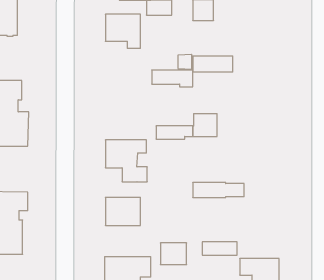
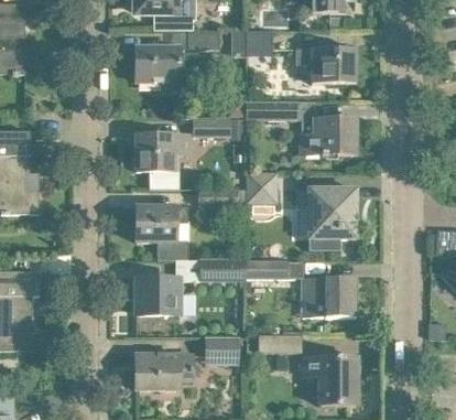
building: none -> [295,47,355,84]
building: none -> [301,119,355,154]
building: none -> [135,136,188,186]
building: none -> [297,190,355,250]
building: none -> [175,259,246,280]
building: none -> [302,278,355,317]

